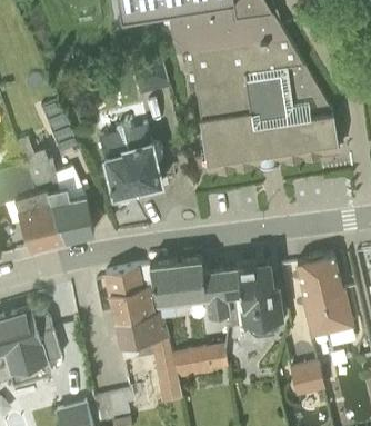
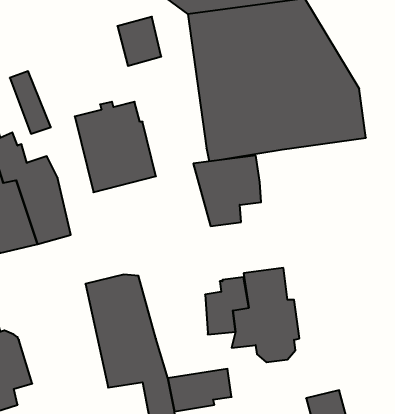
building: [297,257,353,340] -> none
building: [149,261,205,320] -> [193,156,261,226]

